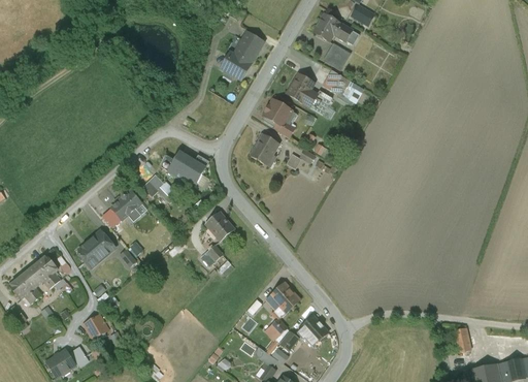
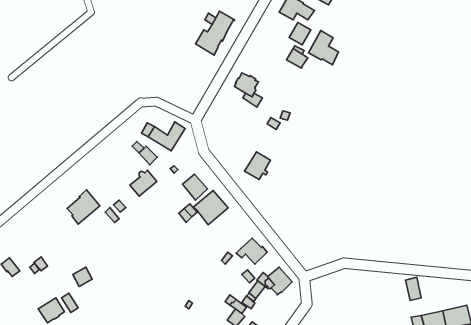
building: none -> [308,30,339,65]
building: [287,73,318,106] -> none
building: [250,133,278,164] -> [244,152,270,180]
building: [111,190,141,219] -> [130,170,157,196]
building: none -> [193,190,228,225]
building: [8,254,61,303] -> none

